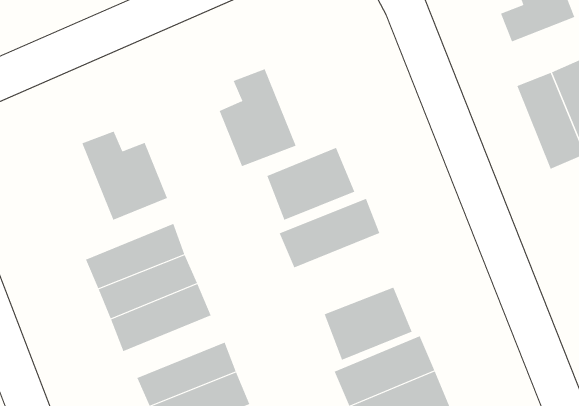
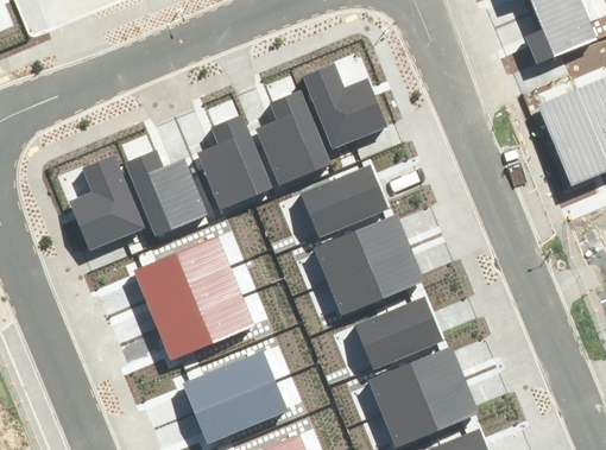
building: none -> [305,64,387,150]
building: none -> [196,115,271,210]
building: none -> [72,153,147,249]
building: none -> [328,247,424,316]

